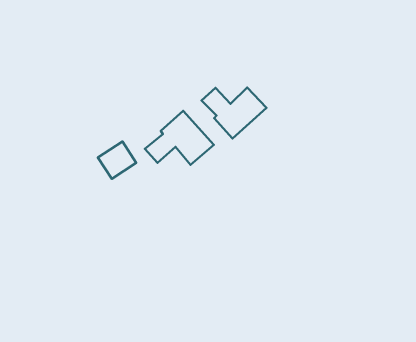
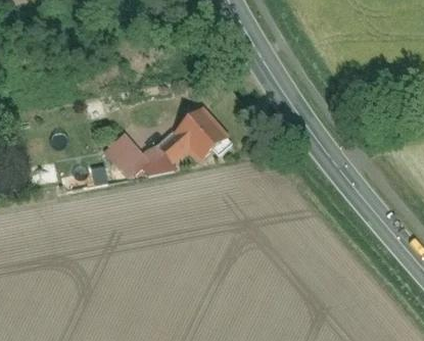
building: [201,87,267,139] -> none

